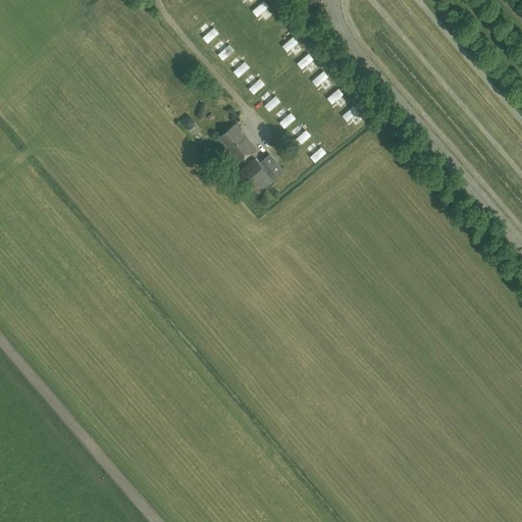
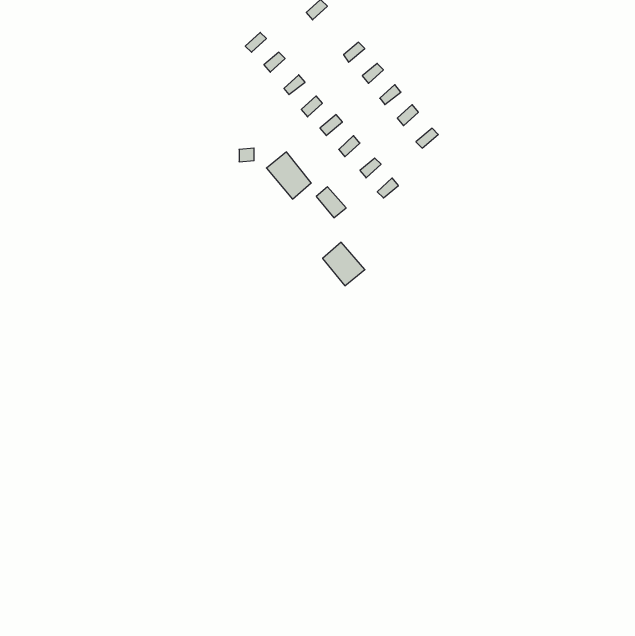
building: [239,158,273,194] -> [323,242,365,286]

